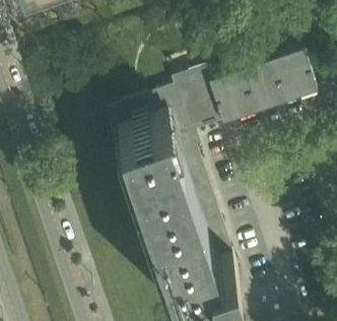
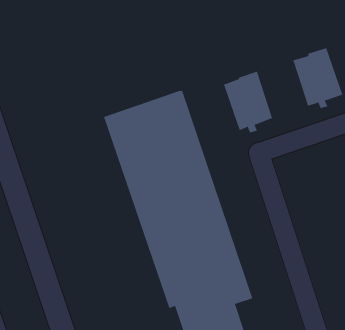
building: [239,60,282,115] -> none
building: [168,68,222,129] -> none

